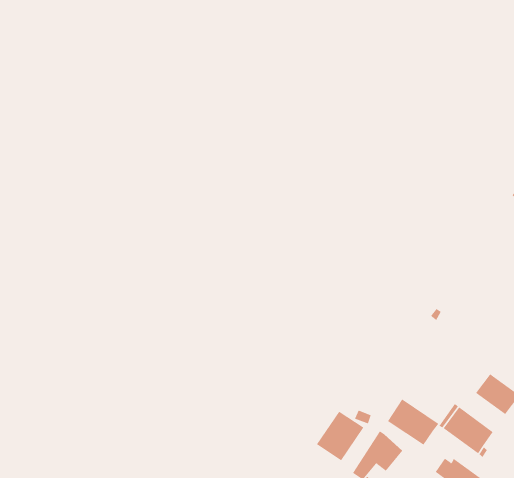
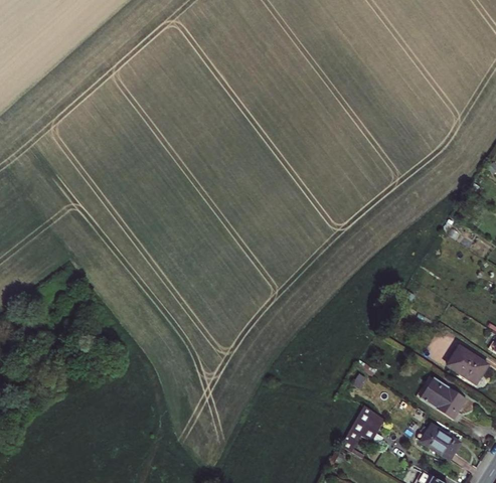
building: [387,398,439,445] -> none
building: [316,411,364,461] -> none

